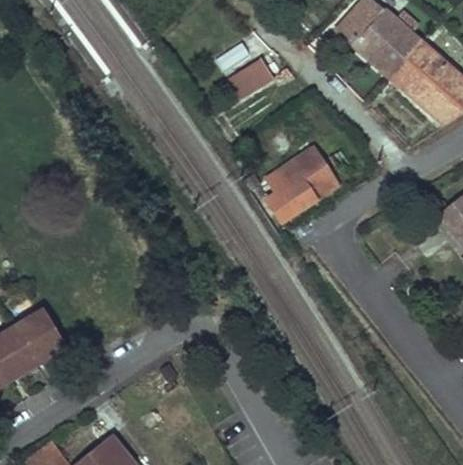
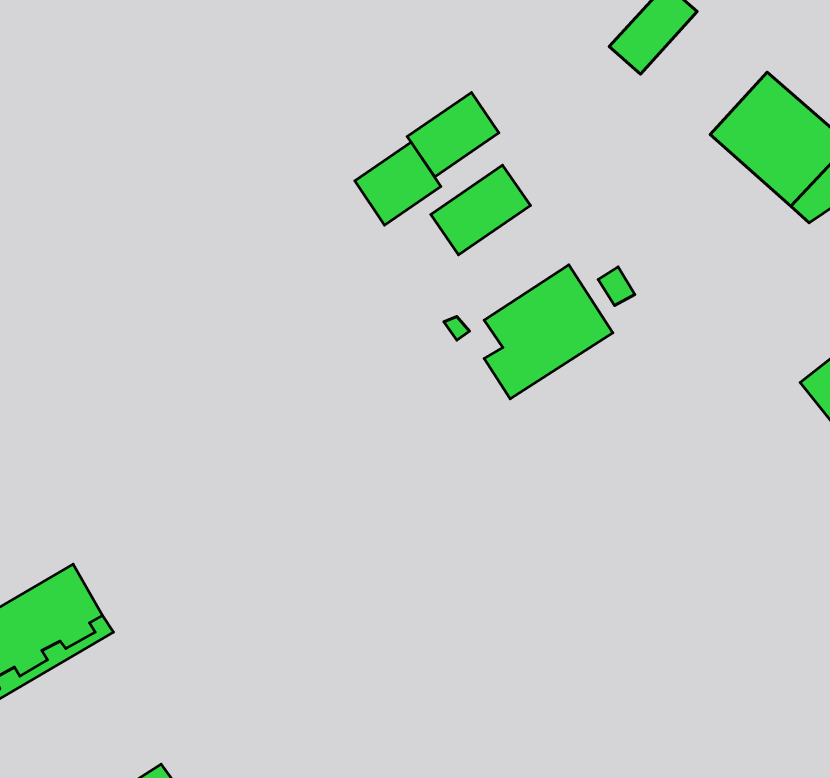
building: [353,10,422,77] -> none
building: none -> [355,142,441,225]
building: none -> [431,165,530,255]

